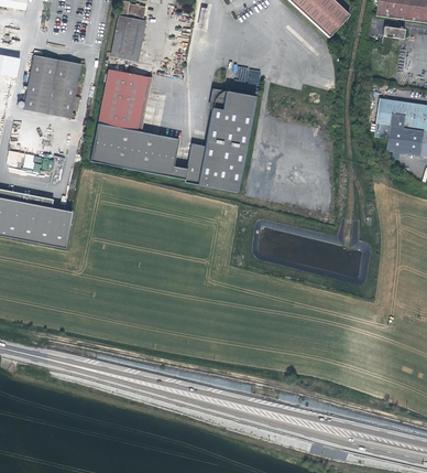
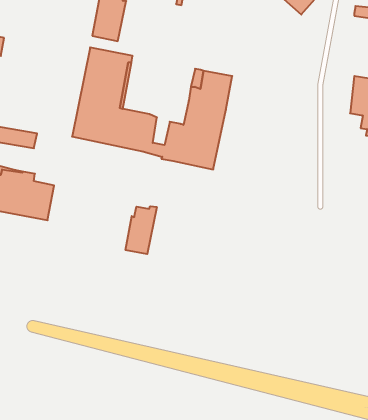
building: [23,53,81,118] -> none
building: none -> [126,206,157,254]

